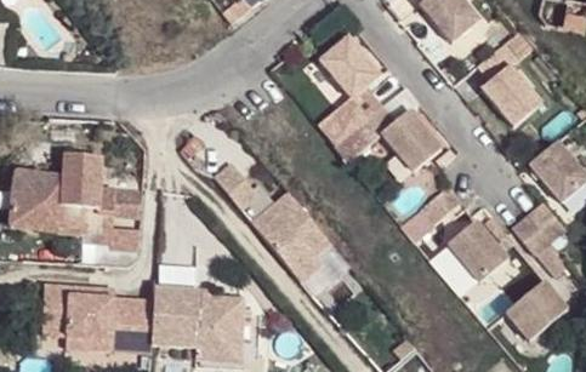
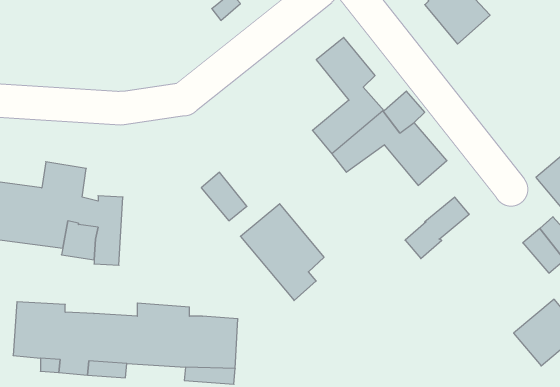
building: [476,41,539,125] -> none
building: [449,223,507,284] -> none

